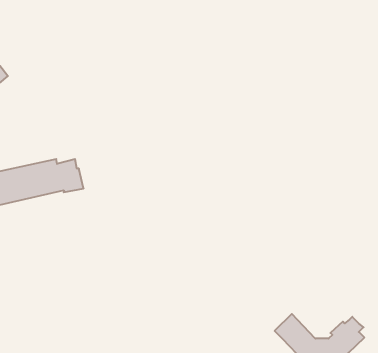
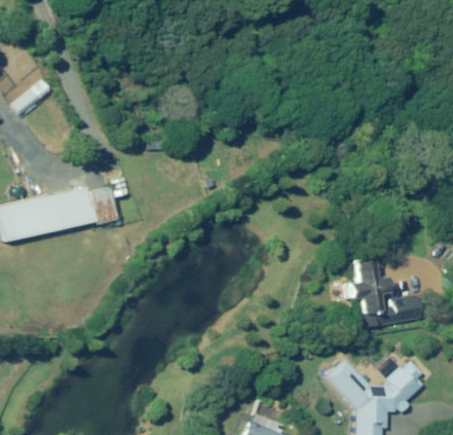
building: none -> [344,258,421,327]

